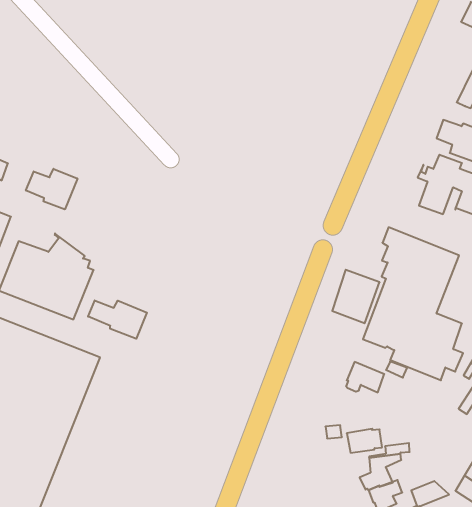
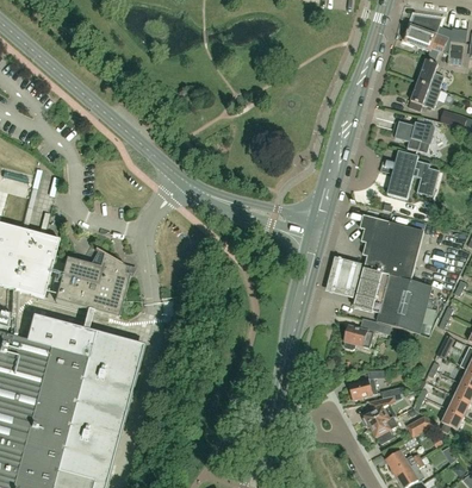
building: [26,169,77,209] -> none
building: [88,300,147,339] -> none

